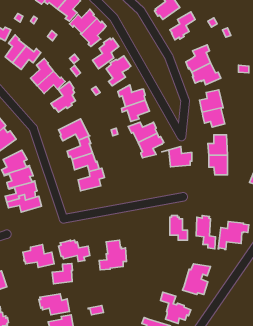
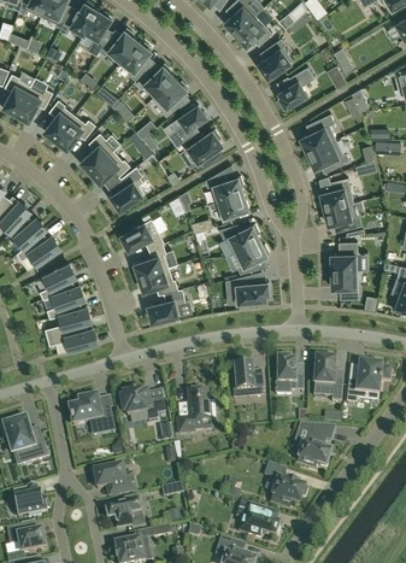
building: [162,147,192,167] -> [225,272,267,301]
building: none -> [231,363,261,398]
building: [52,264,72,284] -> none

